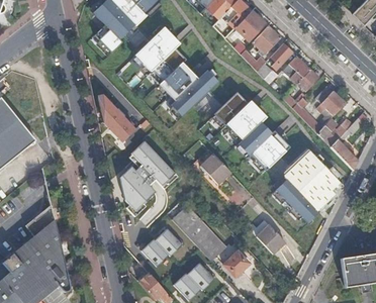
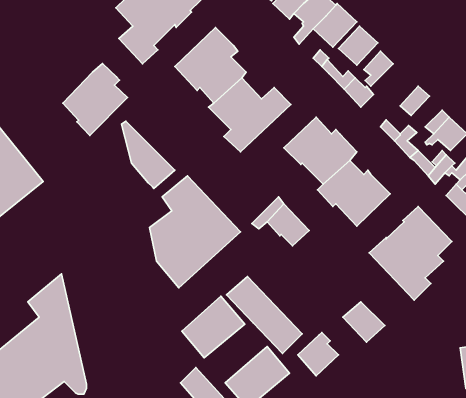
building: none -> [63,64,128,135]
building: [282,56,310,84] -> none

